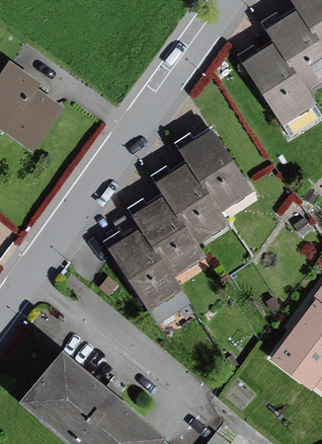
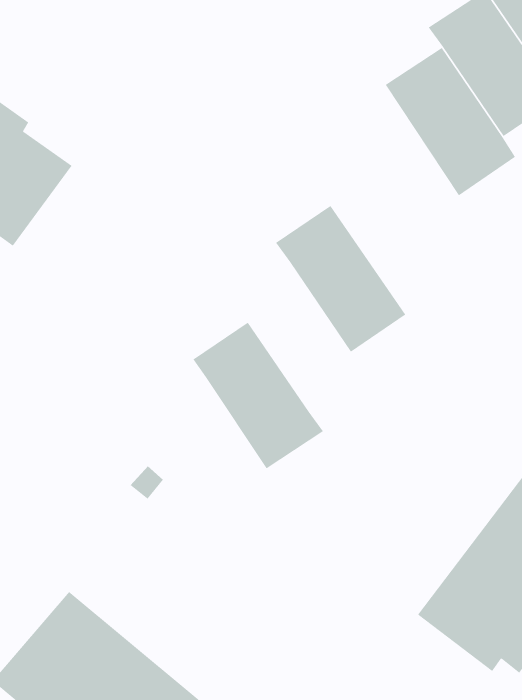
building: [157,162,231,246] -> none
building: [108,227,182,311] -> none

